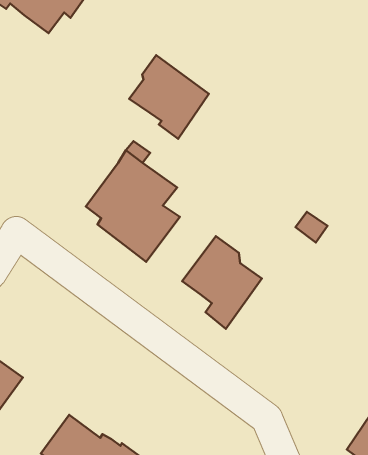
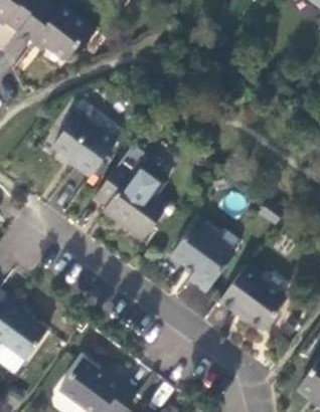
building: [129,55,209,139] -> [52,112,115,177]
building: none -> [219,263,283,330]

